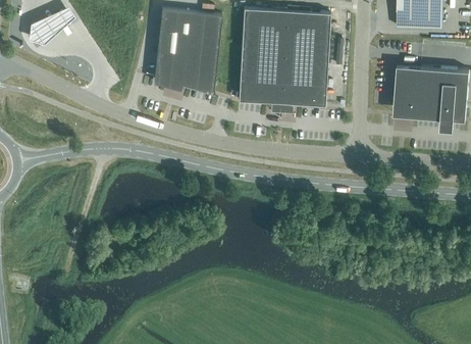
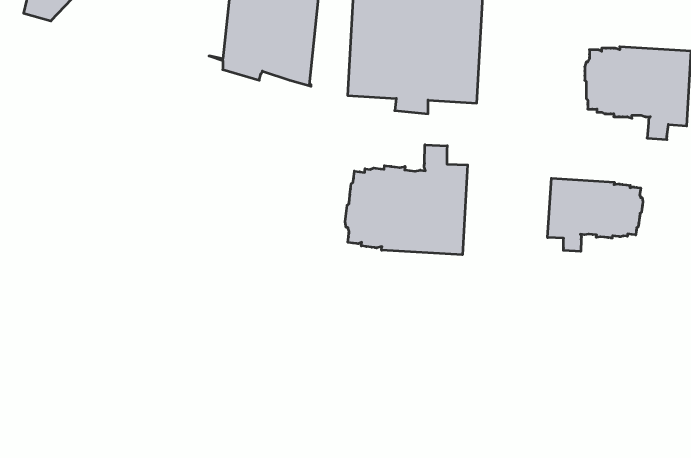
building: none -> [345,145,468,255]
building: none -> [548,178,643,251]

